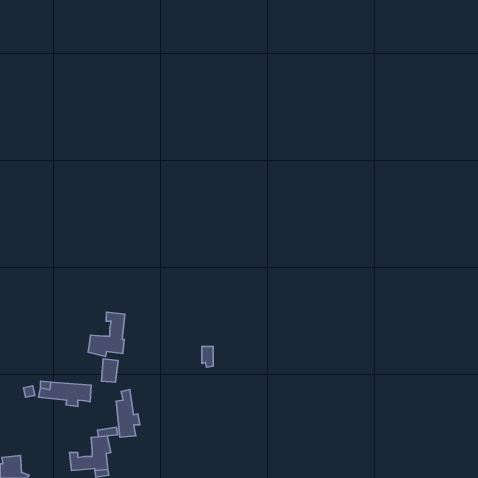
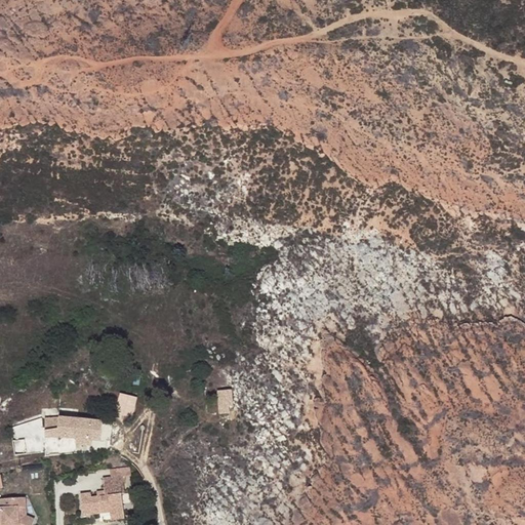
building: [88,312,125,356] -> none
building: [116,390,140,437] -> none

